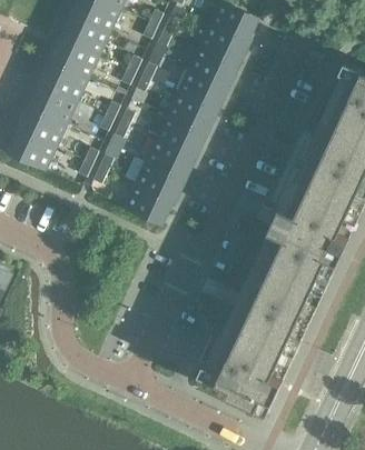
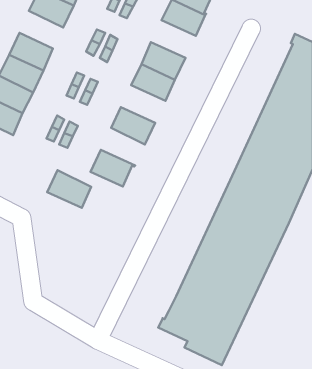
building: [50,37,97,77] -> none
building: [190,47,238,87] -> none
building: [158,116,206,156] -> none
building: [137,161,184,201] -> [47,170,91,208]

